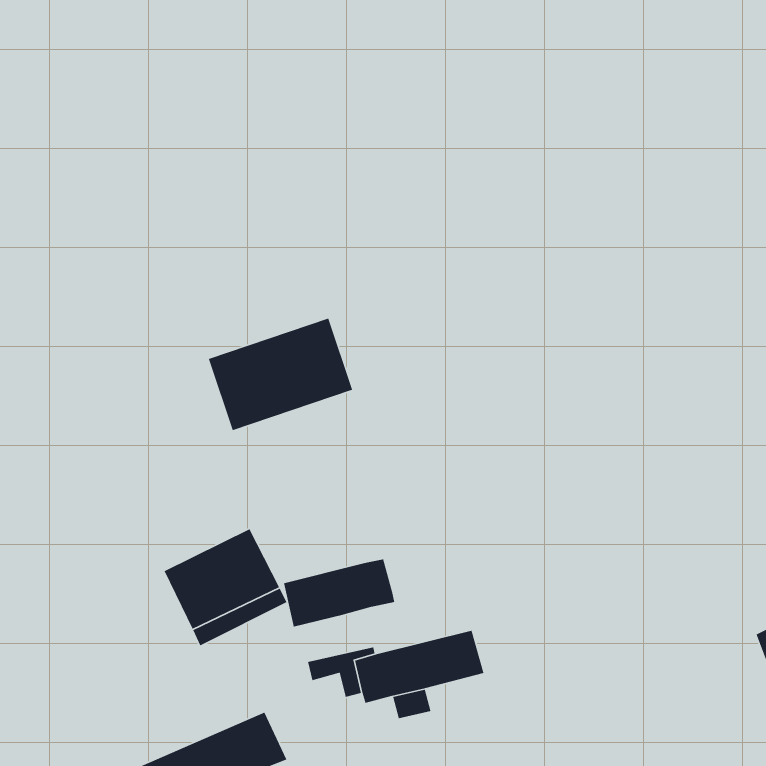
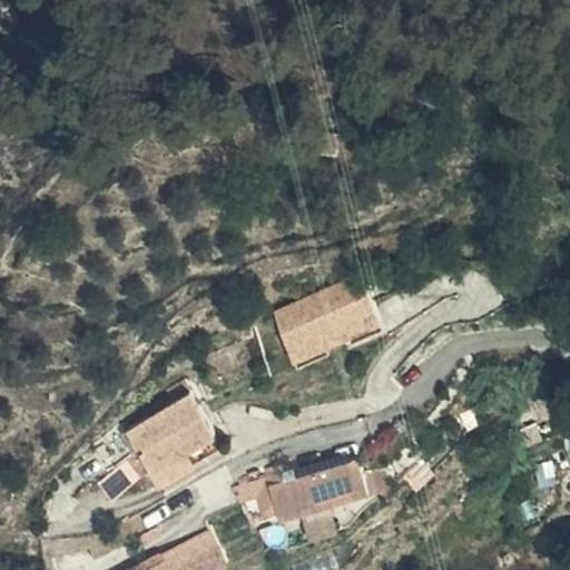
building: [208,318,353,431] -> [283,279,390,363]
building: [283,558,395,627] -> none

